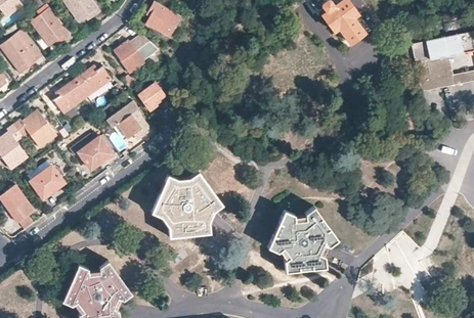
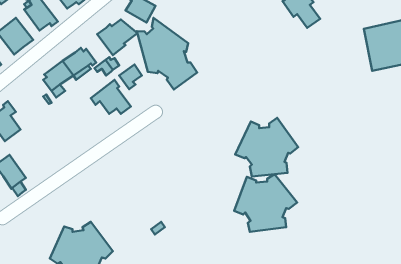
building: none -> [137,18,197,89]
building: [13,110,56,148] -> none
building: [70,132,112,170] -> none
building: [28,162,63,198] -> none
building: [150,171,221,236] -> [235,118,298,177]

